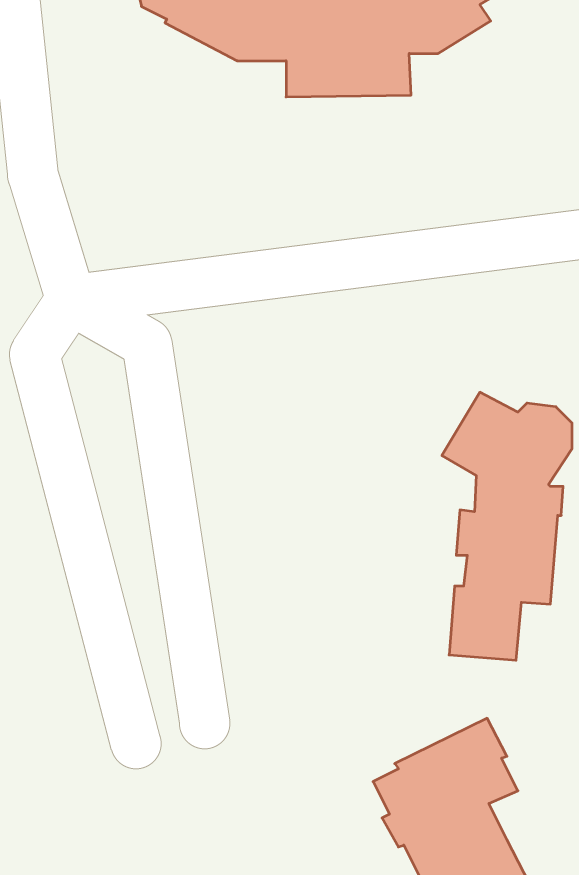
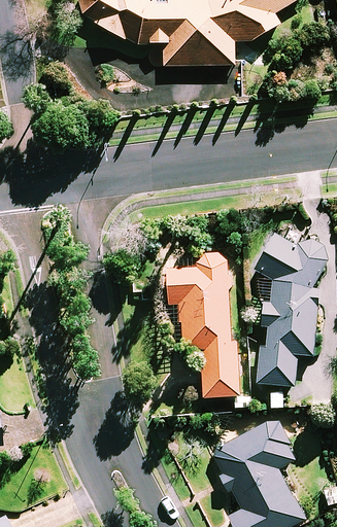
building: none -> [167,244,239,395]

